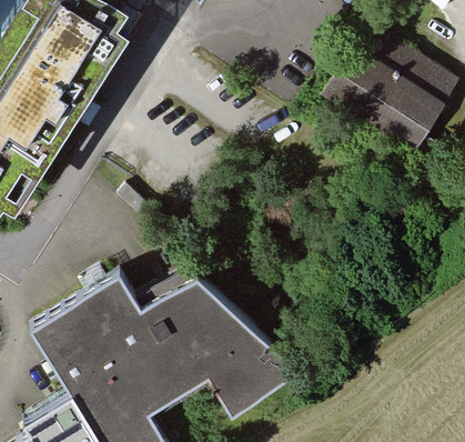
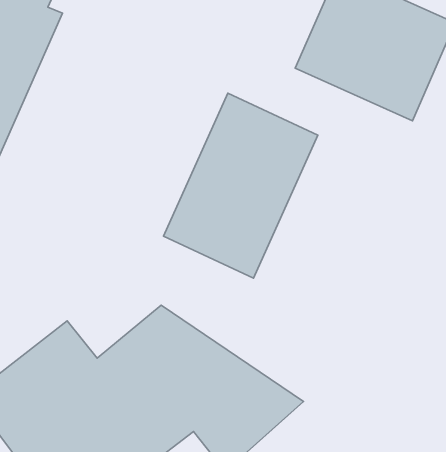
building: none -> [163,93,318,278]

